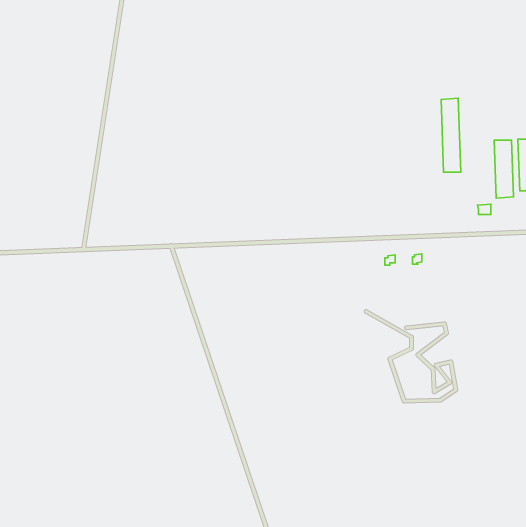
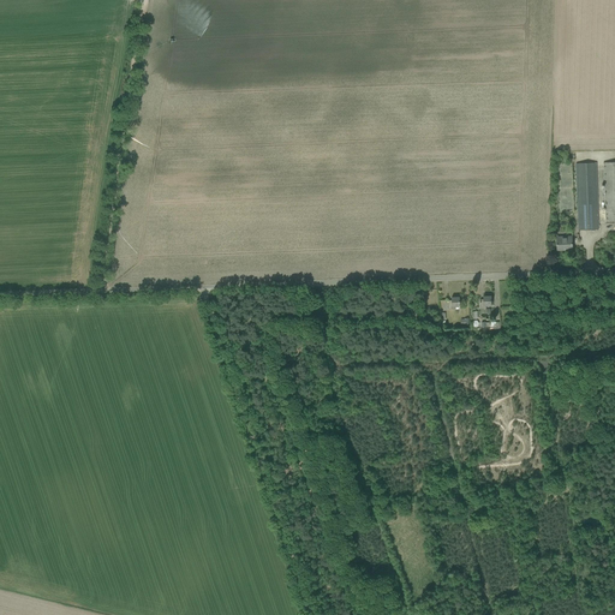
building: [441,98,461,172] -> none

